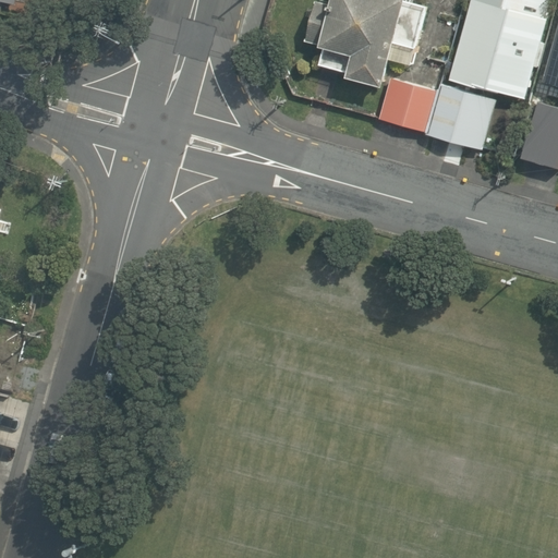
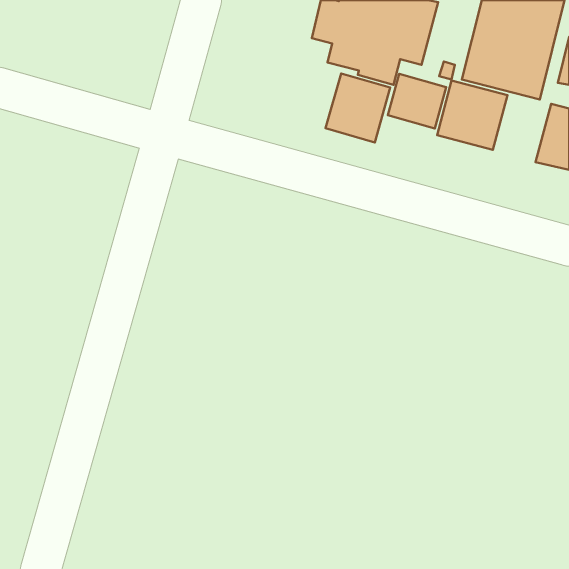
building: none -> [326,73,390,142]

